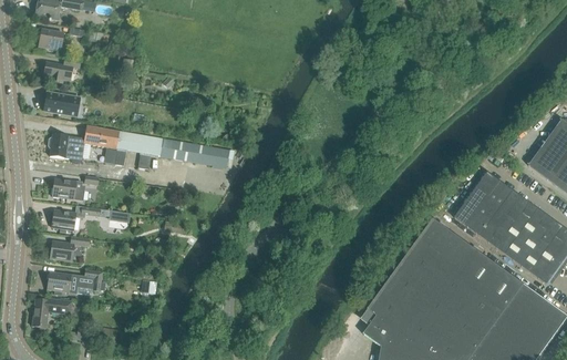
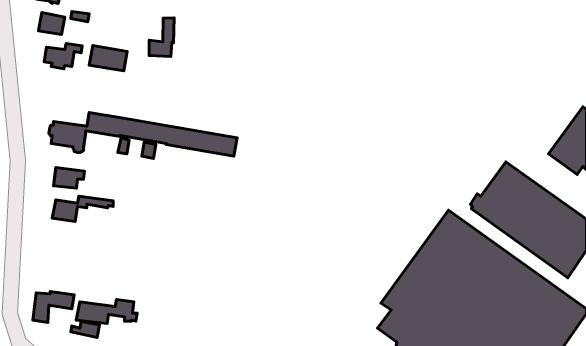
building: none -> [149,18,174,56]
building: [43,92,80,116] -> [89,46,127,71]
building: [50,237,89,261] -> none
building: [47,269,105,292] -> [76,299,137,324]

